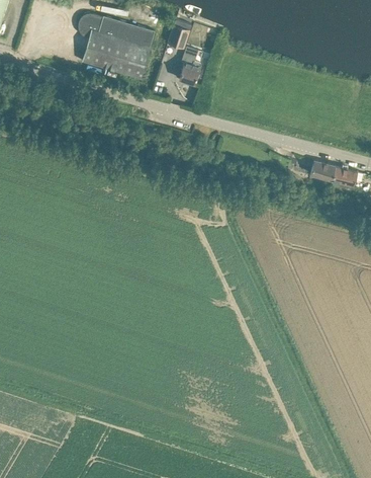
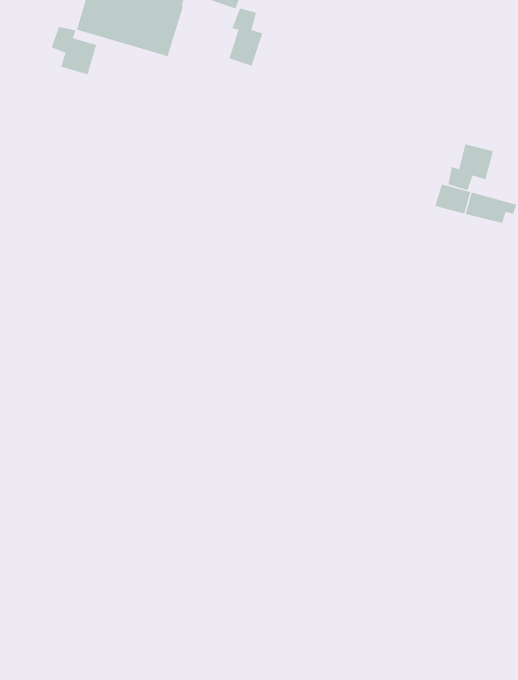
building: none -> [51,26,97,75]
building: none -> [448,143,493,191]

